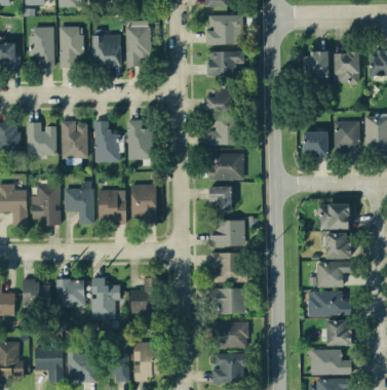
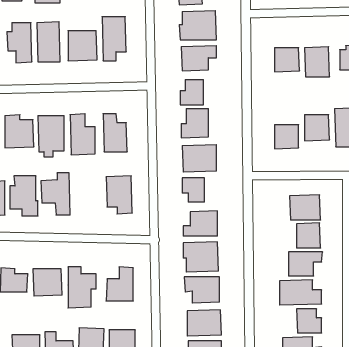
building: [98,189,126,224] -> none

